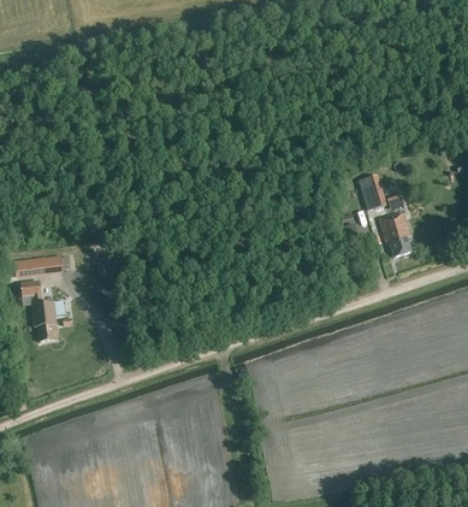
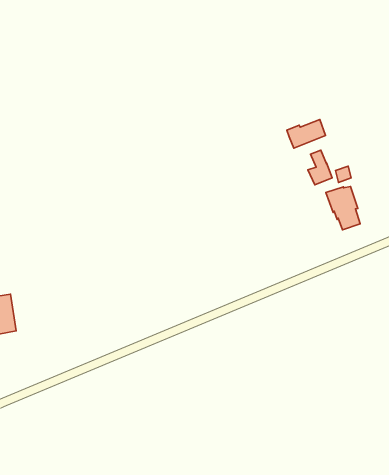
building: none -> [287,119,326,148]

